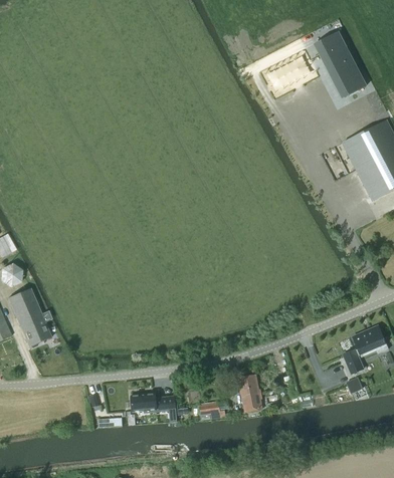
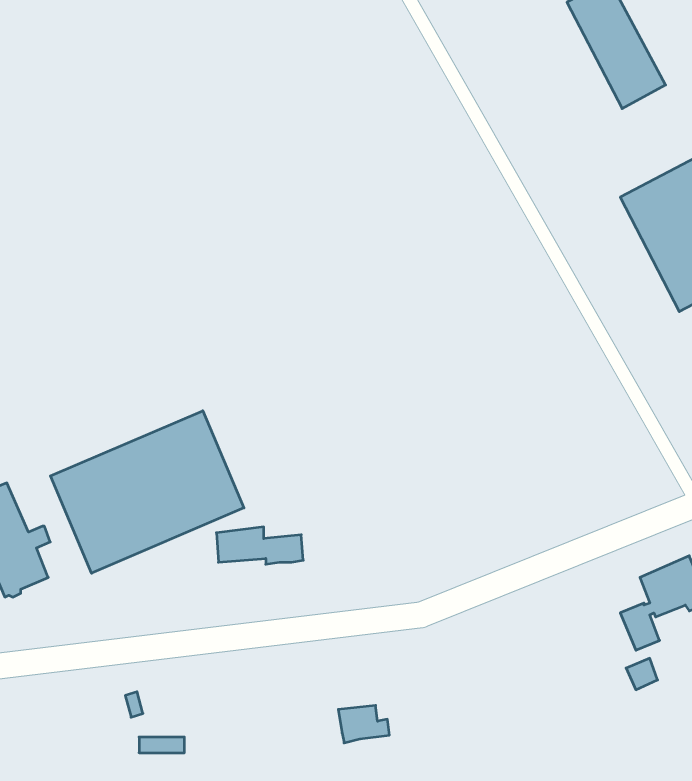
building: none -> [50,411,244,573]
building: [239,375,260,411] -> none
building: [131,393,175,412] -> [216,527,303,564]

